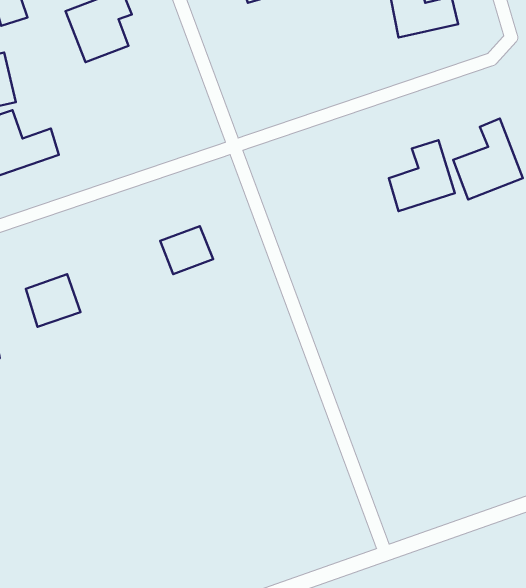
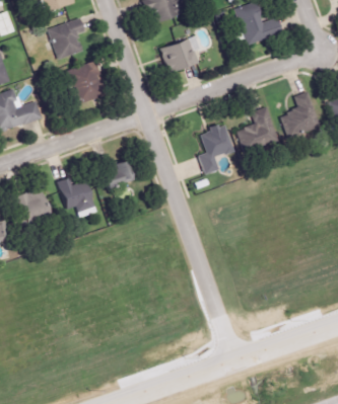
building: none -> [159,36,194,71]
building: none -> [63,61,102,102]
building: none -> [201,123,238,174]
building: none -> [58,179,96,216]

